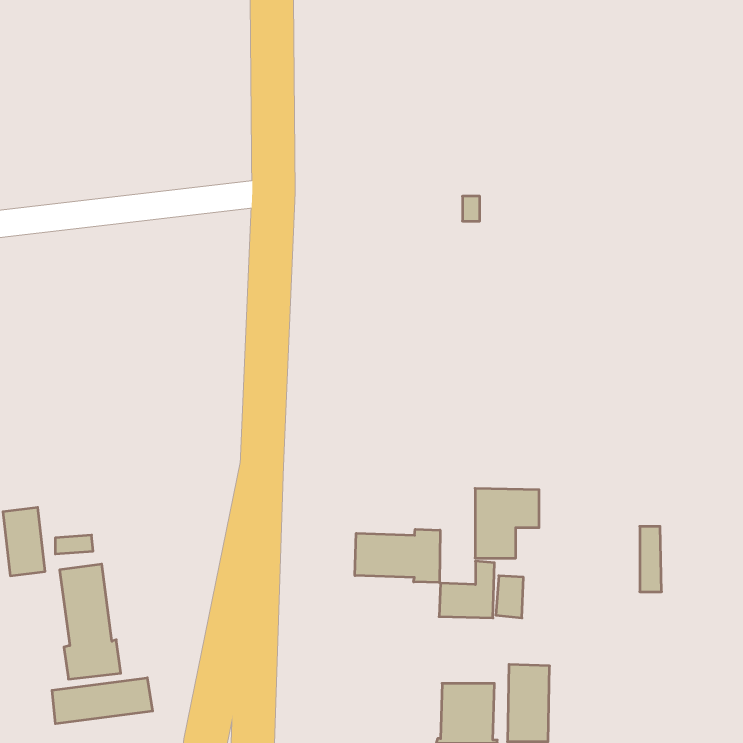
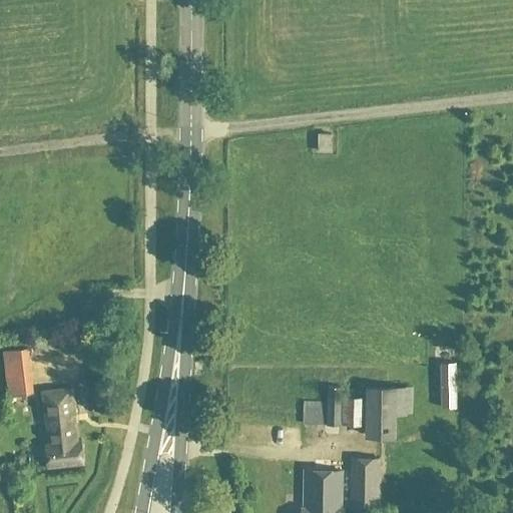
building: [475,488,539,558] -> [367,388,411,436]
building: [355,529,440,583] -> none
building: [52,678,153,724] -> none

